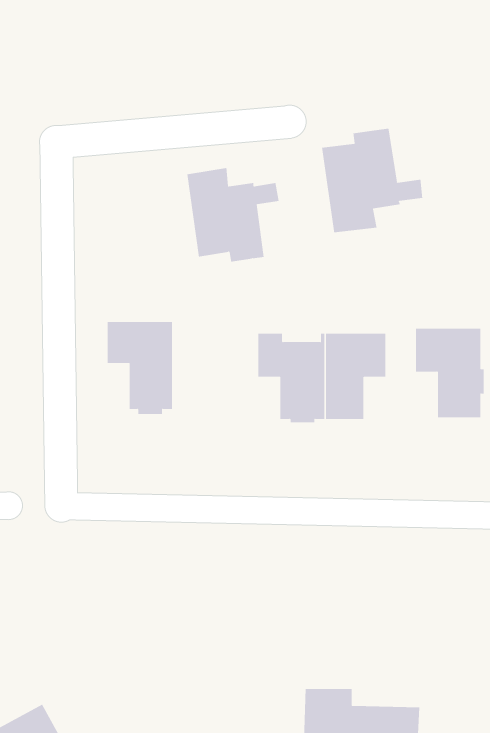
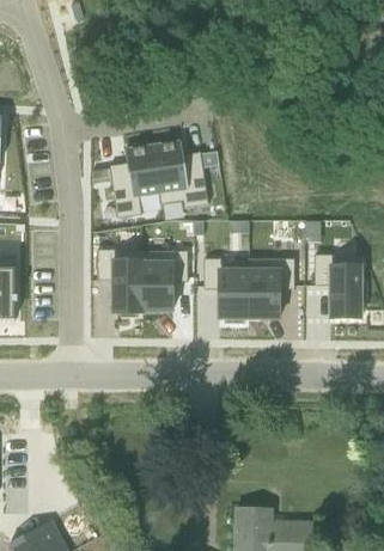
building: [322,128,423,233] -> none
building: none -> [91,145,161,218]
building: none -> [144,250,188,310]

